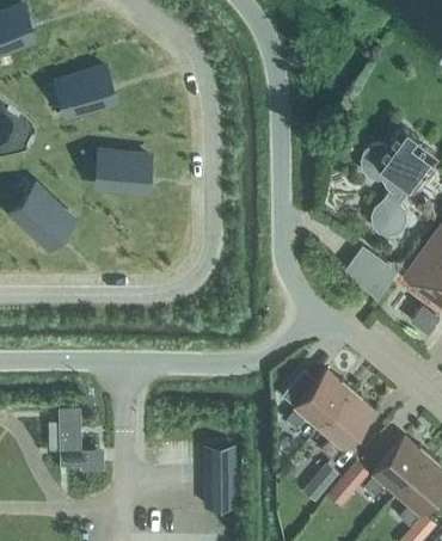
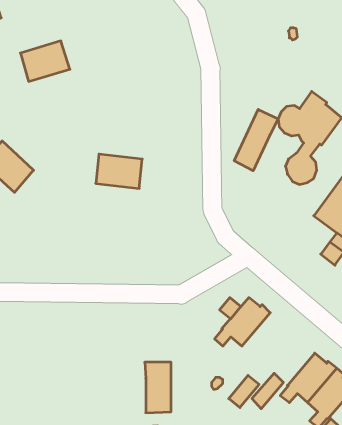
building: none -> [234,109,278,171]
building: [94,152,149,192] -> [96,154,142,188]
building: [344,246,397,300] -> none
building: [318,389,374,460] -> none
building: [59,412,100,475] -> none

